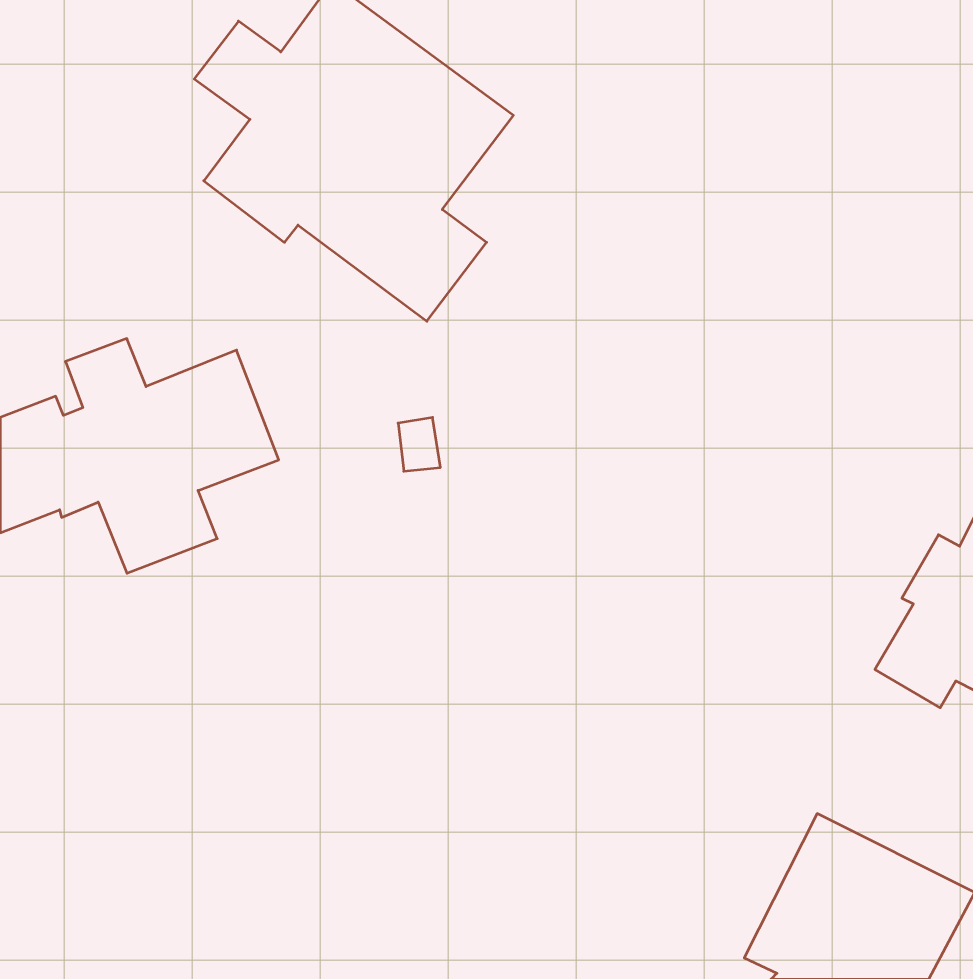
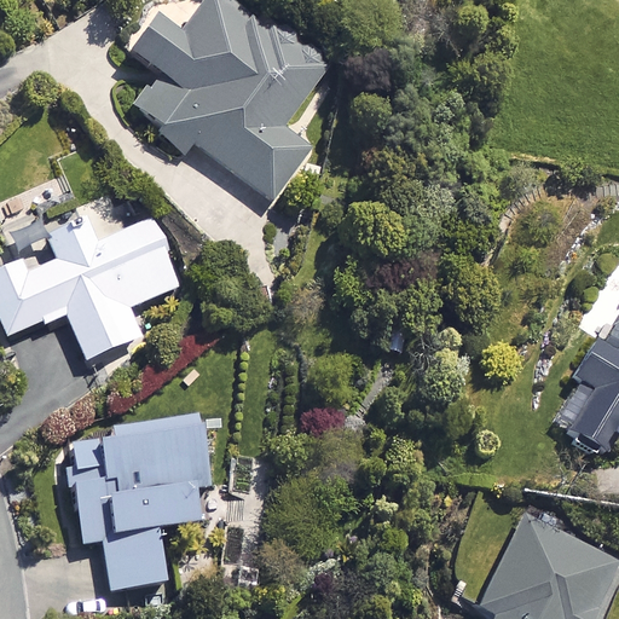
building: none -> [69,409,228,592]

